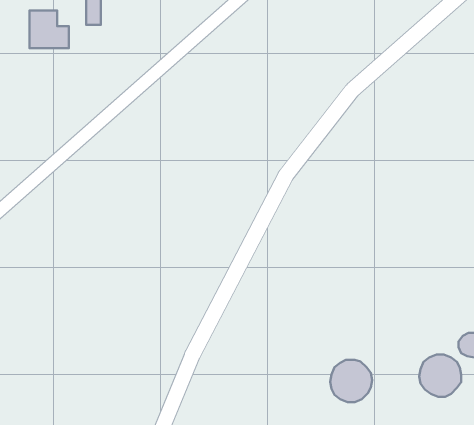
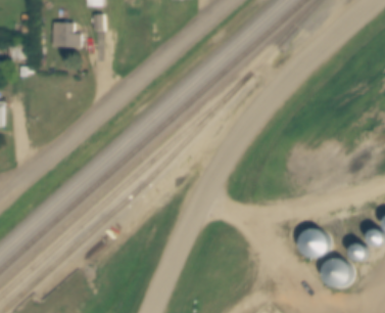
building: [330,360,372,402] -> [301,232,331,262]

